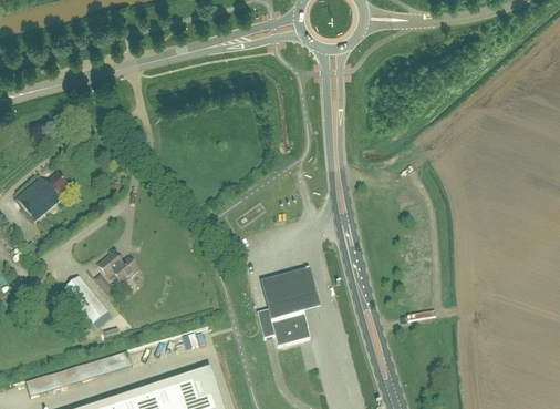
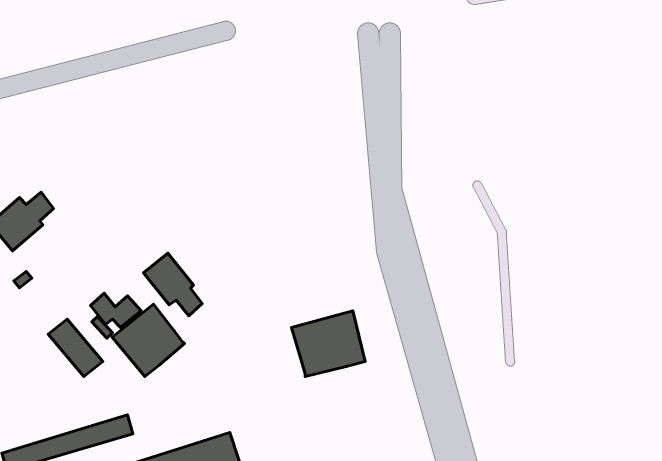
building: none -> [143,253,202,316]
building: none -> [112,304,185,377]
building: [256,310,309,347] -> none

